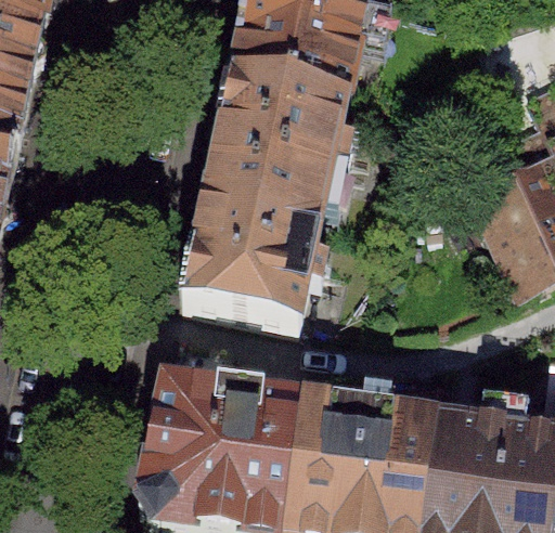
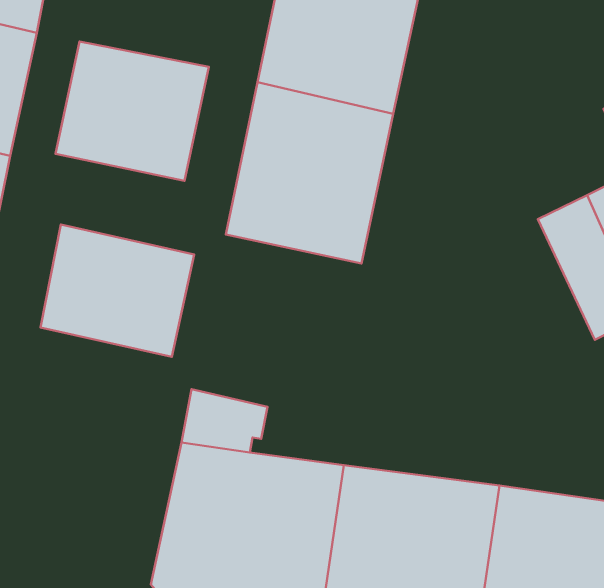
building: none -> [56,42,209,181]
building: none -> [40,224,194,357]
building: [182,206,319,328] -> none

